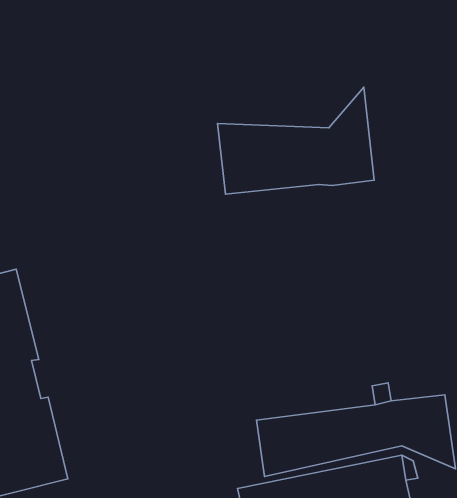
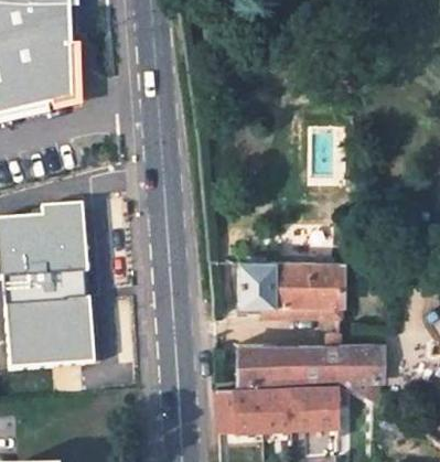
building: [217,87,374,194] -> none
building: none -> [239,259,340,313]

